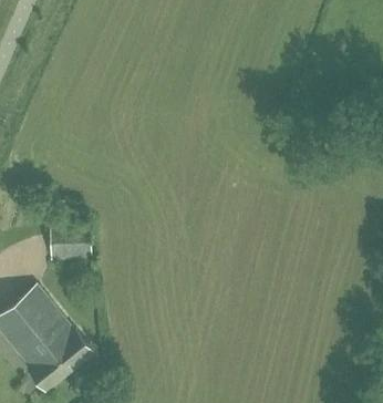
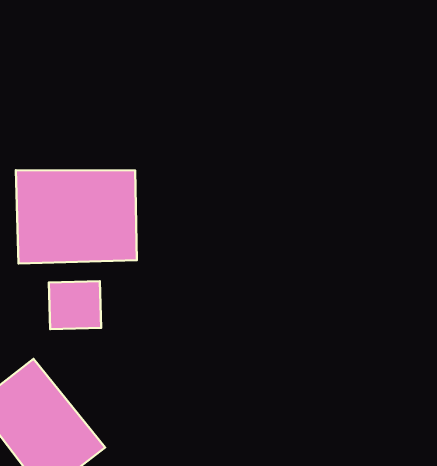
building: none -> [16,170,137,264]

